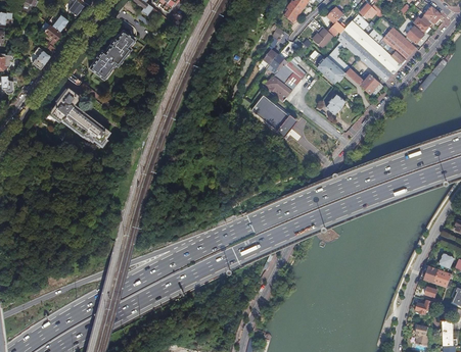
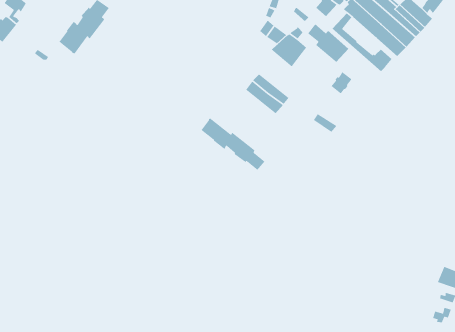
building: [264,76,293,102] -> none
building: [48,89,109,143] -> none
building: none -> [201,117,265,171]

